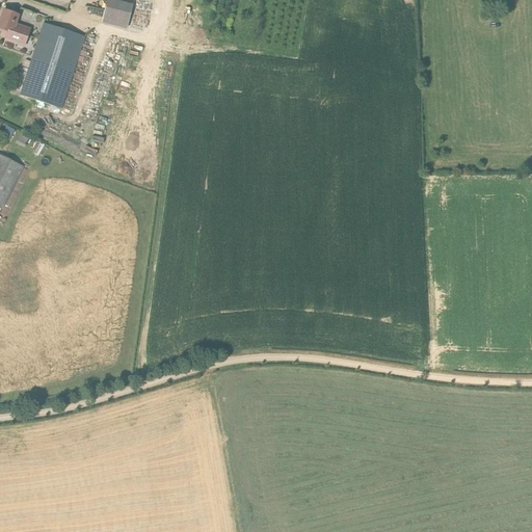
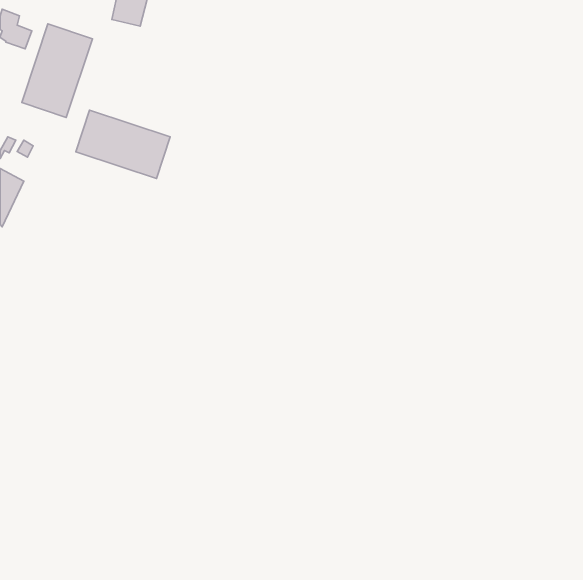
building: none -> [76,110,170,179]

